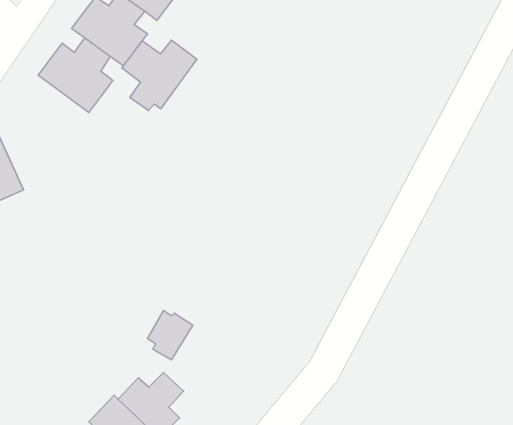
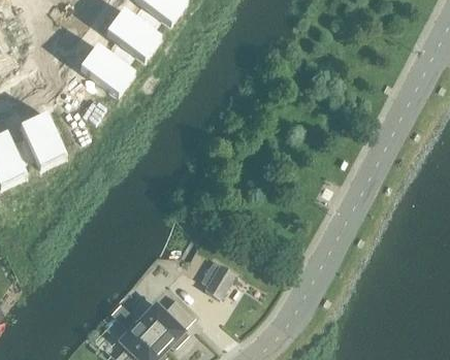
building: [122,40,197,110] -> none
building: [147,310,193,360] -> [199,260,234,298]

